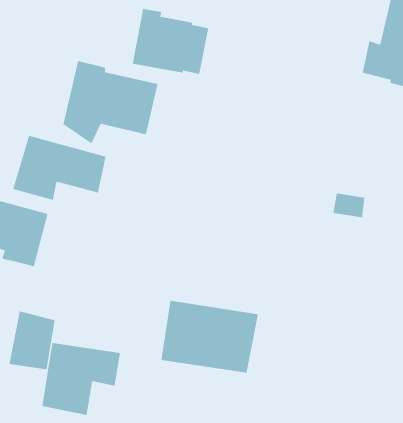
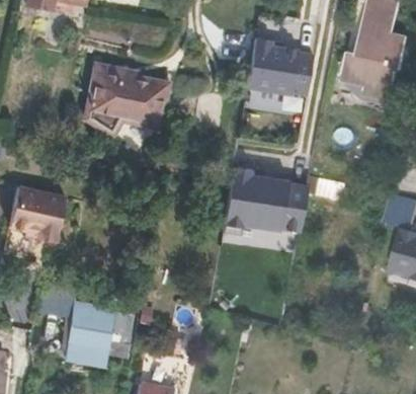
building: [132,8,209,75] -> [247,42,314,99]
building: [12,135,107,201] -> none
building: [161,300,259,373] -> [222,170,307,234]

